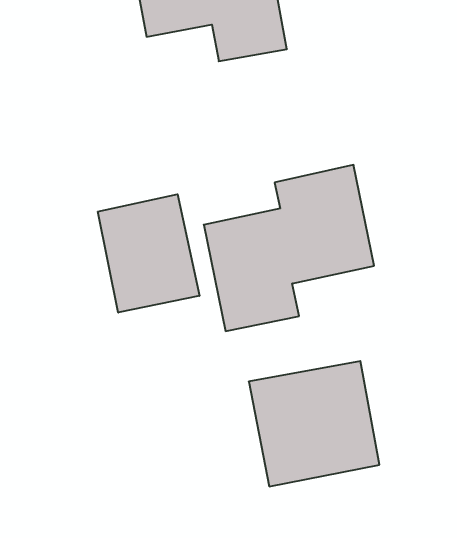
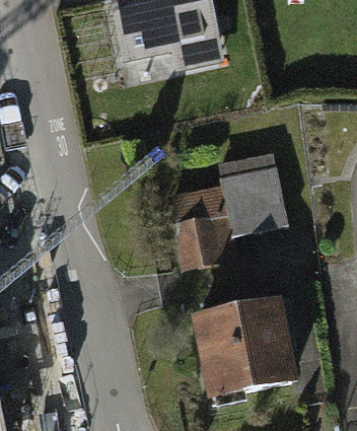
building: [98,194,199,313] -> none

